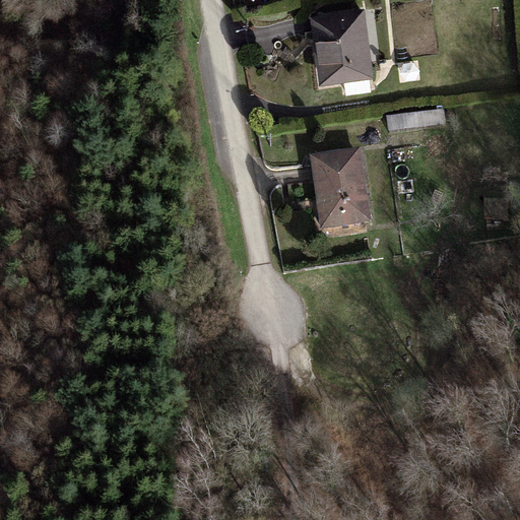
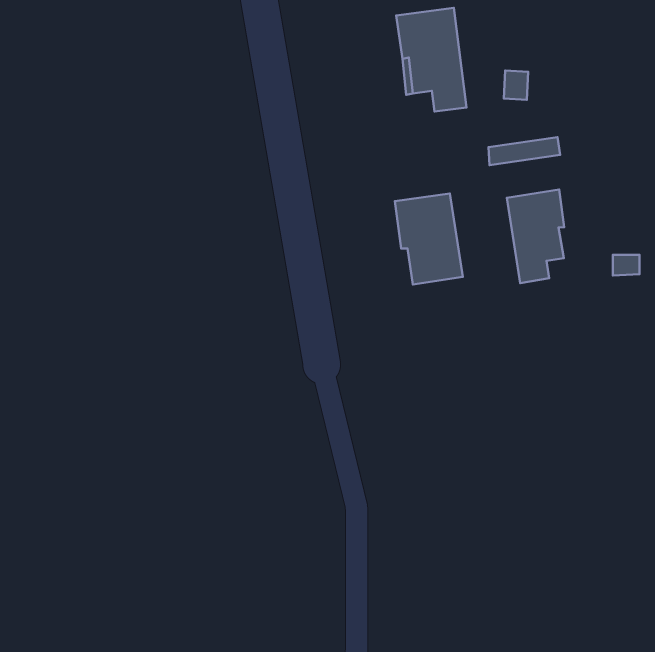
building: none -> [507,190,564,283]

